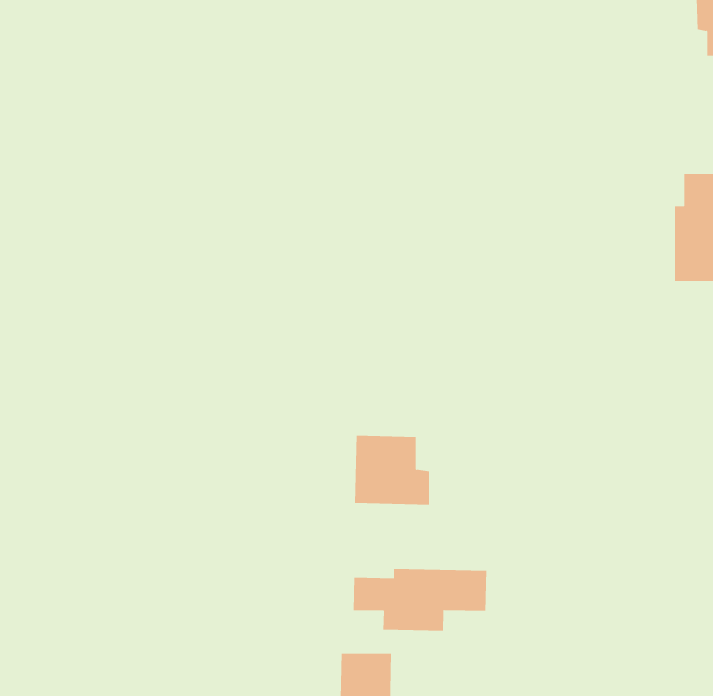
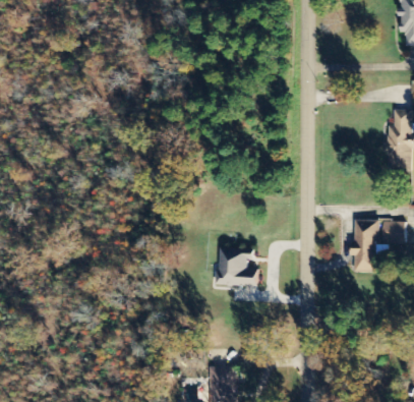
building: none -> [353,221,404,266]
building: [353,568,487,631] -> none

